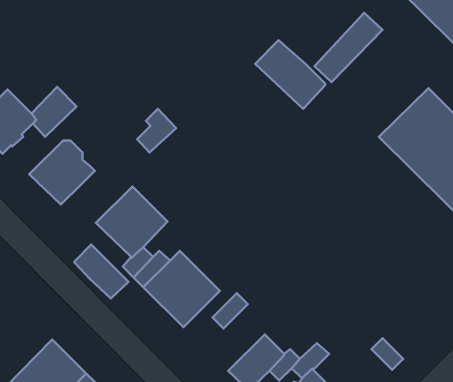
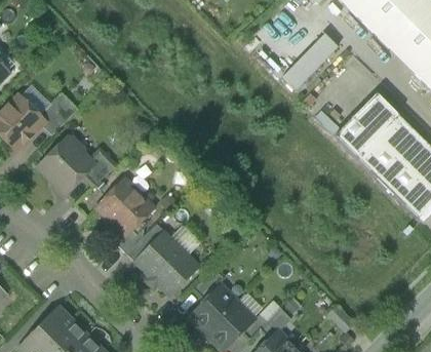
building: [255,40,325,109] -> none
building: [137,109,176,152] -> [82,150,115,187]
building: [75,245,129,299] -> none
building: none -> [189,285,237,334]

